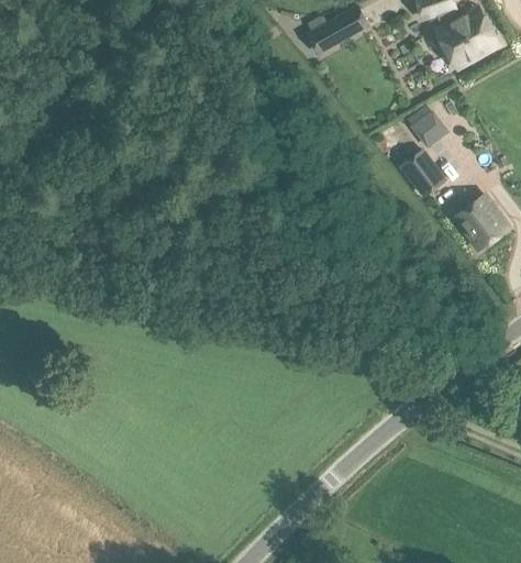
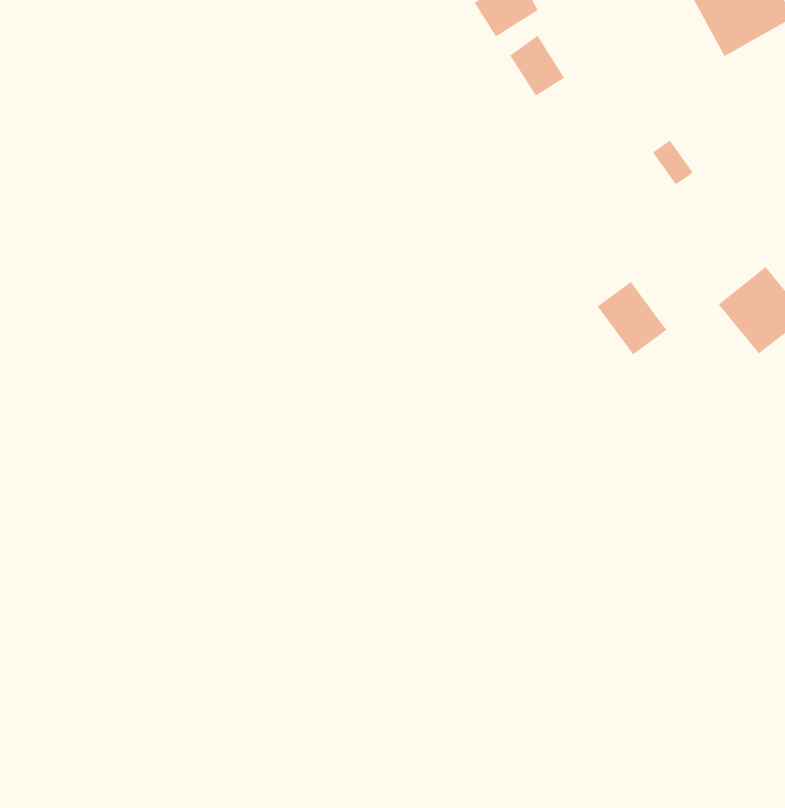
building: none -> [510,35,565,97]
building: [403,148,446,194] -> [597,281,667,355]

